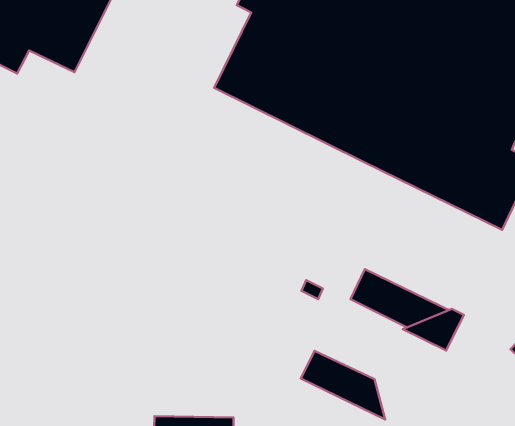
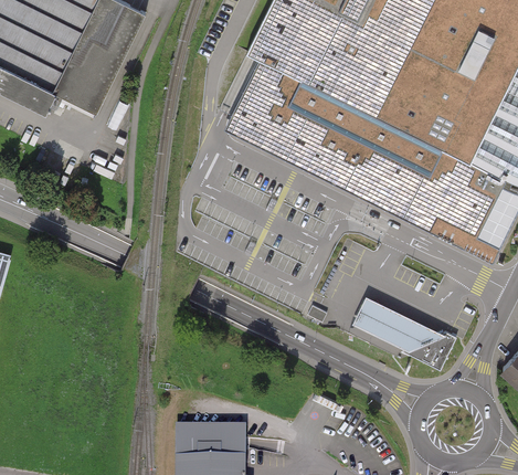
building: [301,351,385,420] -> none

